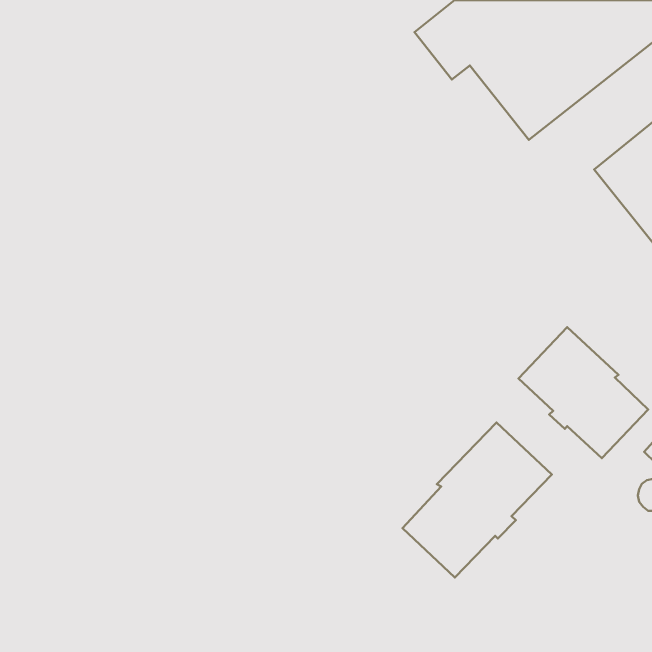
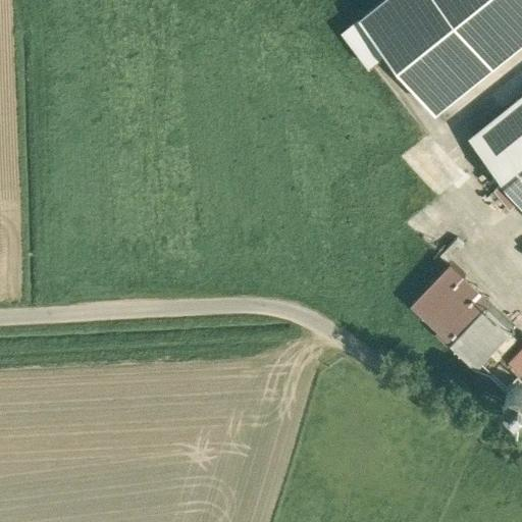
building: [403,422,552,578] -> none

